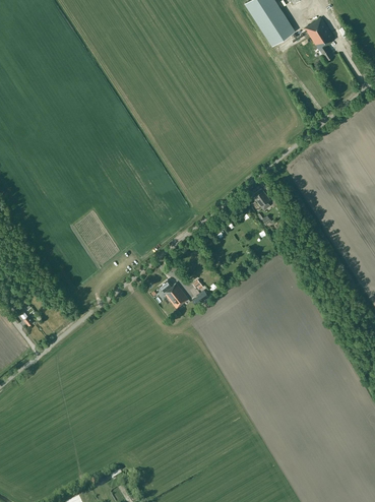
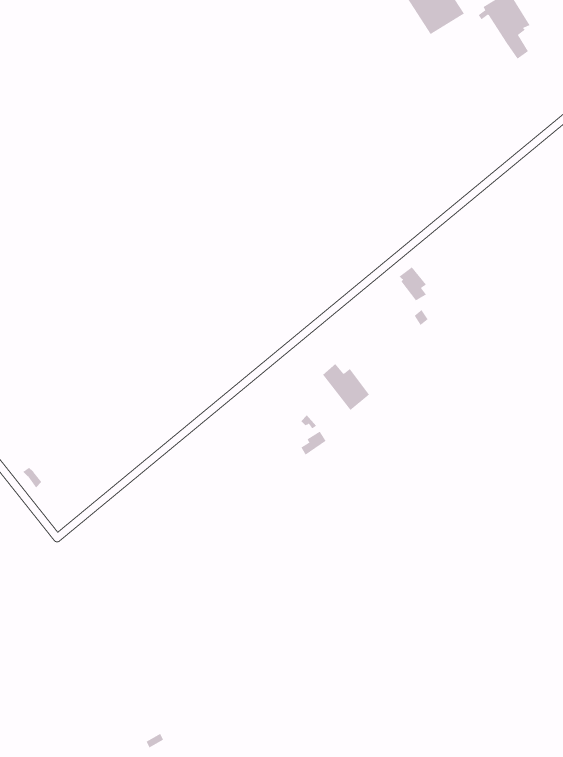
building: [158,278,187,308] -> [322,363,370,411]

